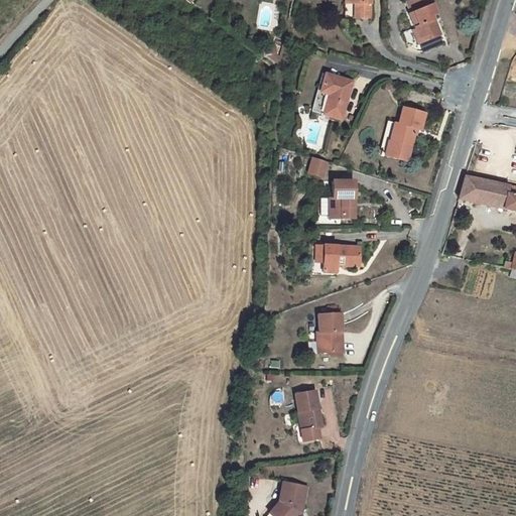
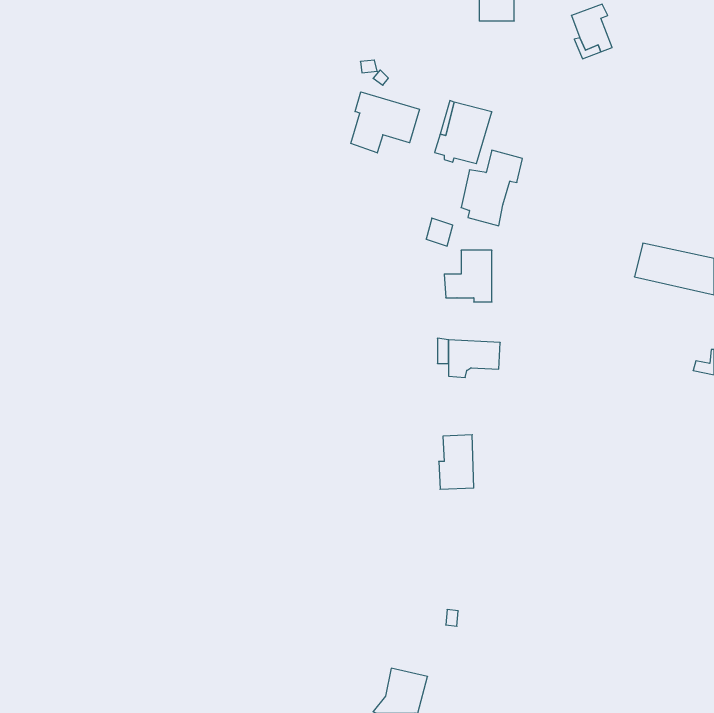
building: none -> [351,92,420,153]
building: [382,107,426,161] -> [461,150,522,226]
building: [296,389,322,439] -> none

